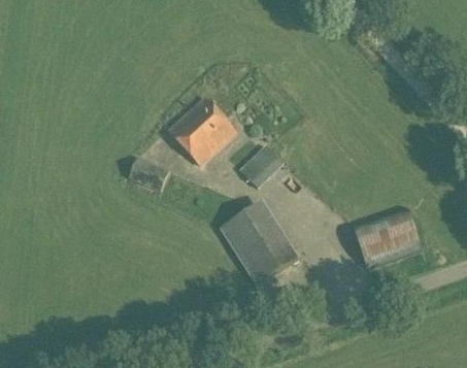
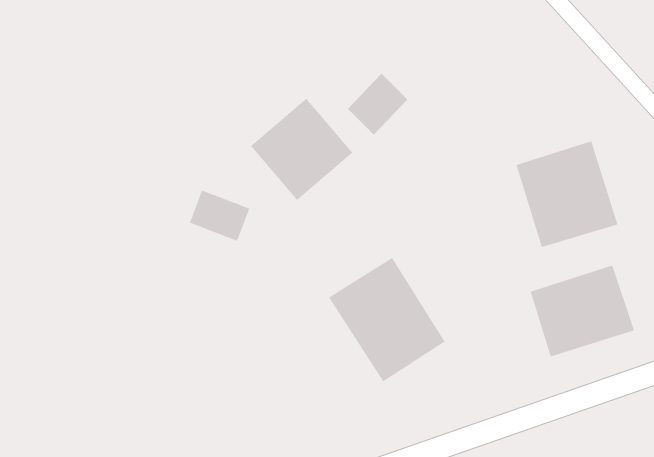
building: none -> [516,140,618,248]
building: [241,146,281,188] -> [347,73,408,135]

